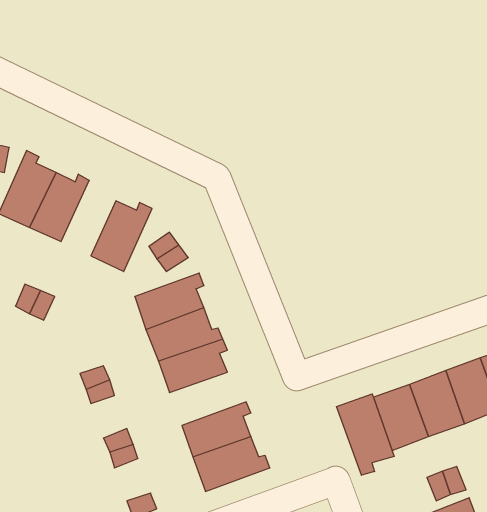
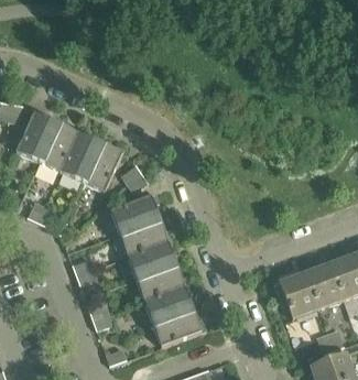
building: none -> [58,128,97,181]
building: none -> [134,262,188,300]
building: [337,394,394,475] -> none

